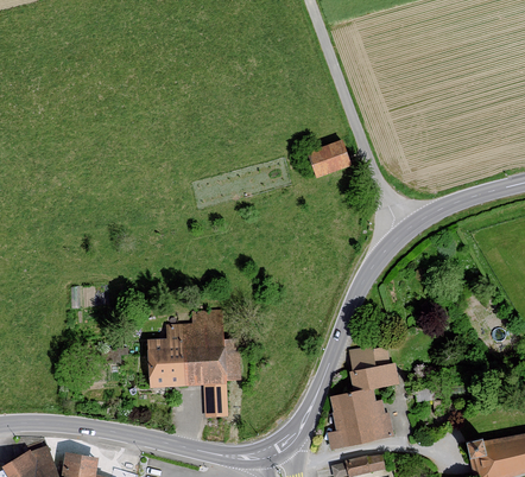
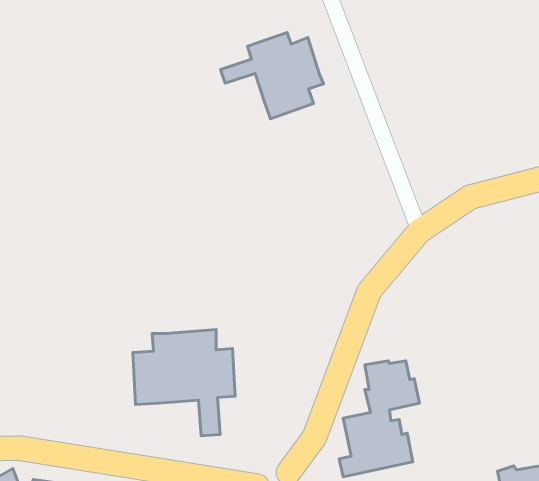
building: none -> [221,32,324,119]
building: [305,139,350,178] -> none

